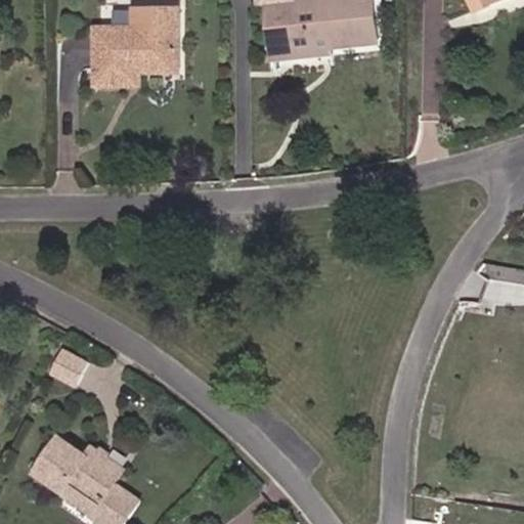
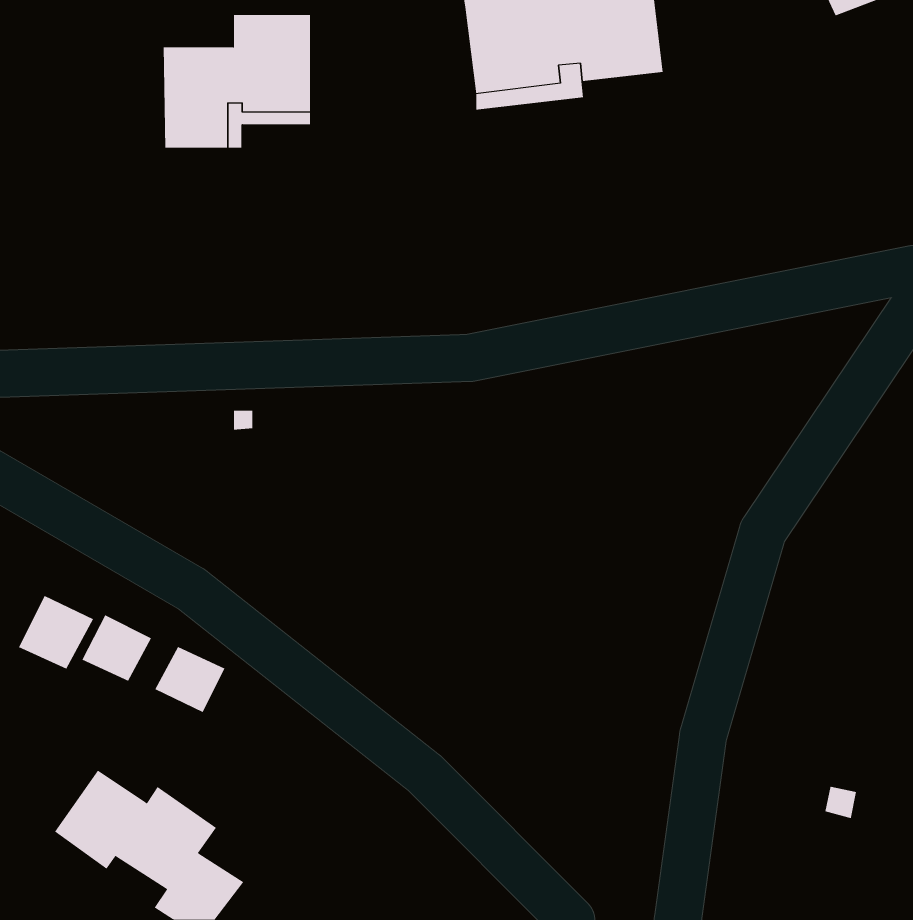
building: none -> [18,595,94,670]
building: none -> [154,646,225,713]

